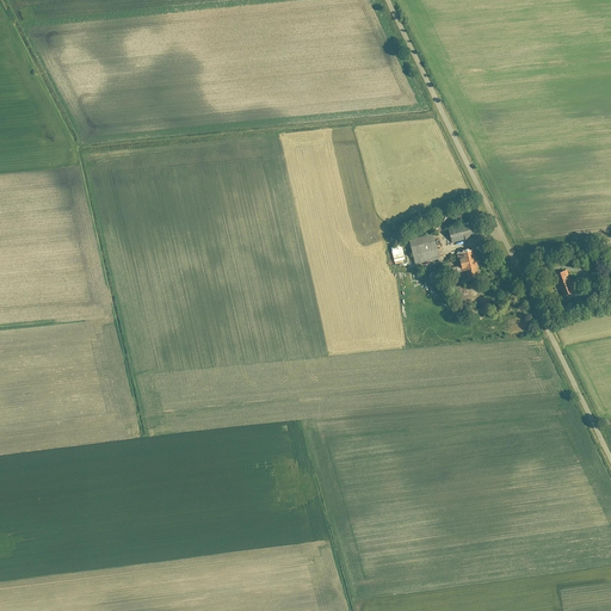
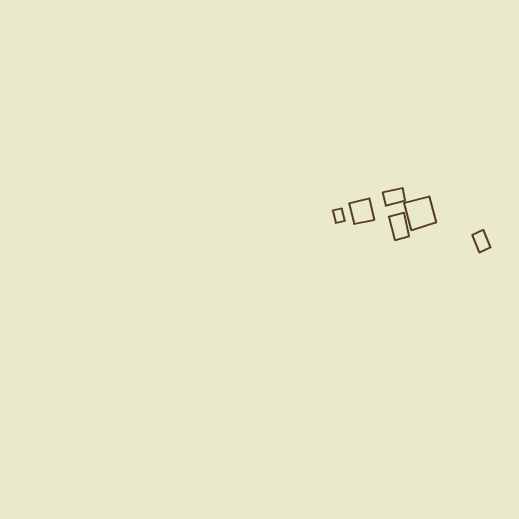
building: none -> [404,196,436,230]

